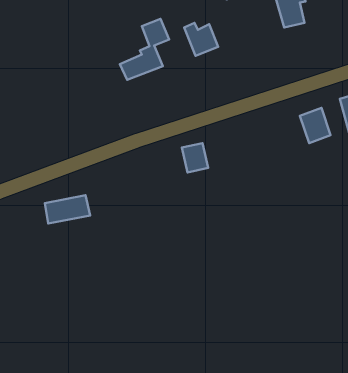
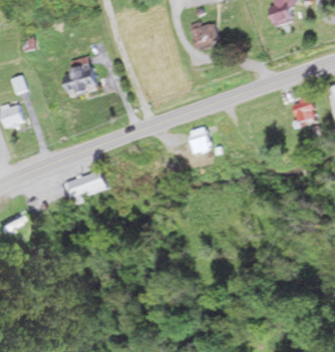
building: [120,19,169,80] -> none
building: none -> [64,56,96,97]

